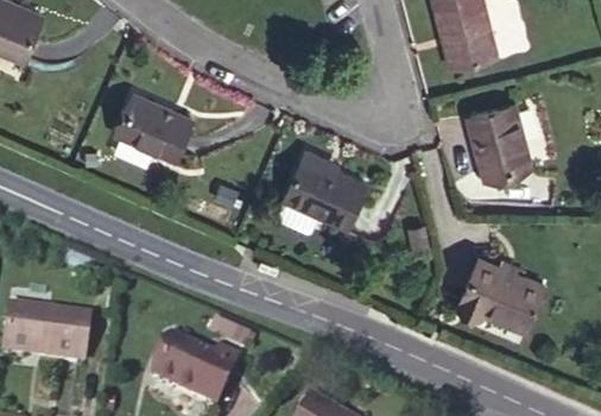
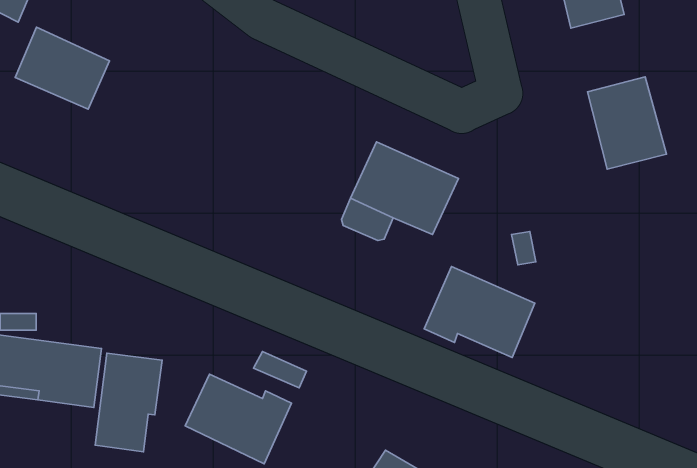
building: [118,94,191,158] -> [15,27,109,109]
building: [457,257,544,328] -> [424,267,535,358]
building: none -> [95,353,162,452]

